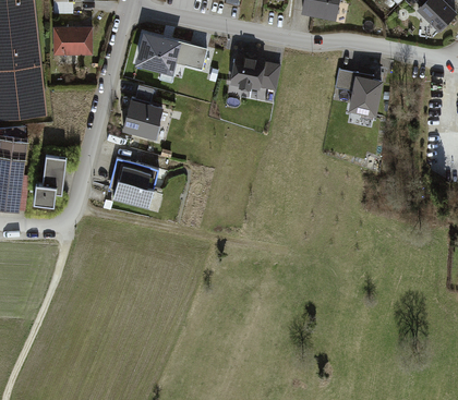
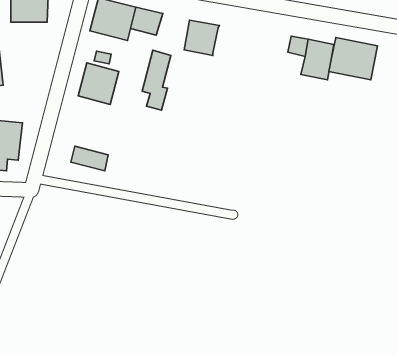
building: [260,61,281,90] -> none
building: none -> [329,37,378,80]
building: none -> [142,50,171,110]
building: [111,157,159,191] -> none

